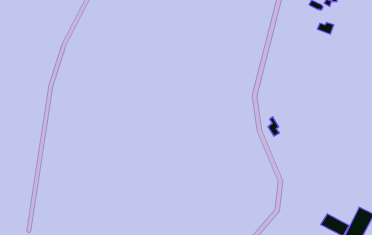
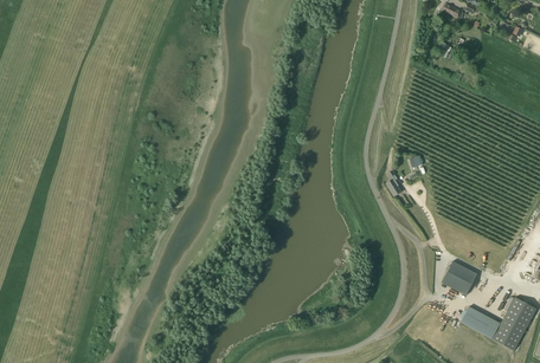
building: none -> [441,259,477,293]

